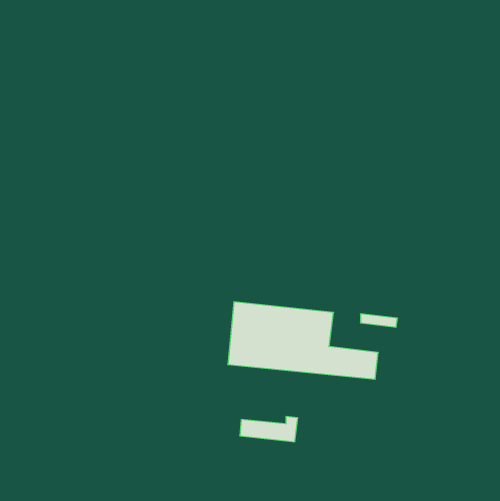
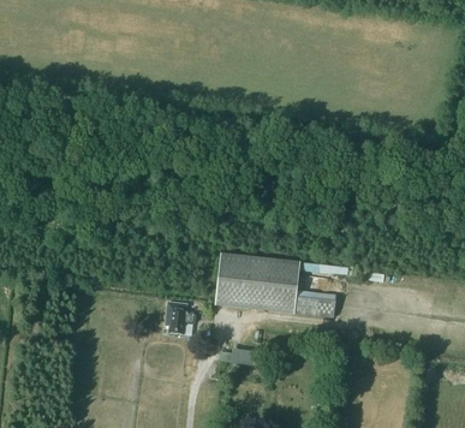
building: none -> [167,302,197,333]

